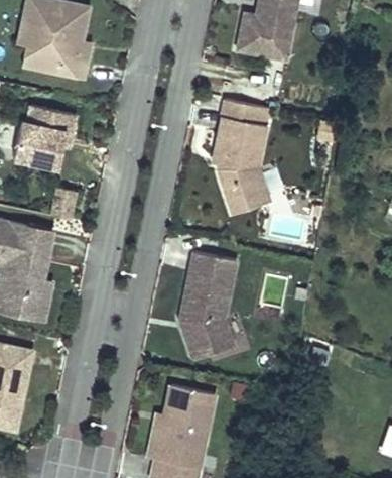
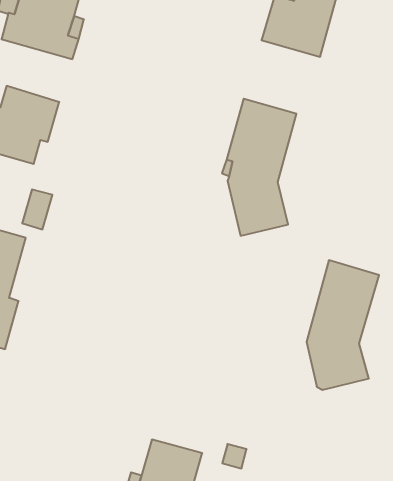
building: [180,251,236,358] -> [307,260,379,390]

